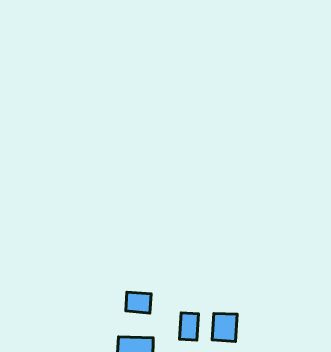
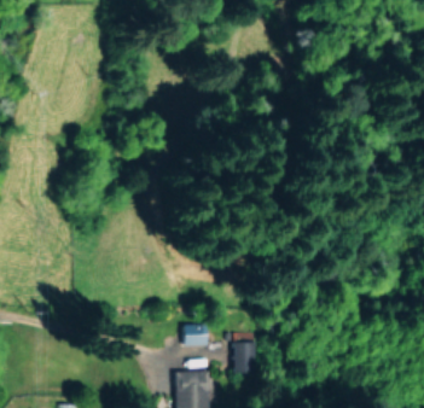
building: [212,313,237,342] -> none

